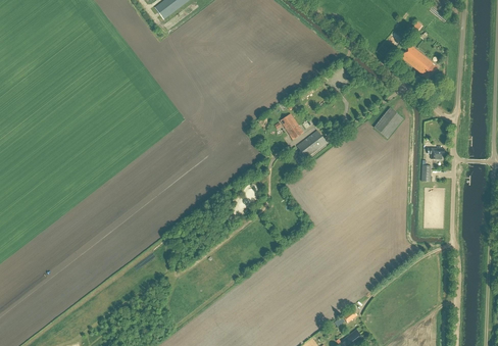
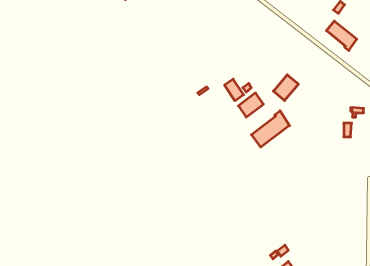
building: [374,107,403,138] -> [273,75,298,101]
building: none -> [251,111,290,147]

